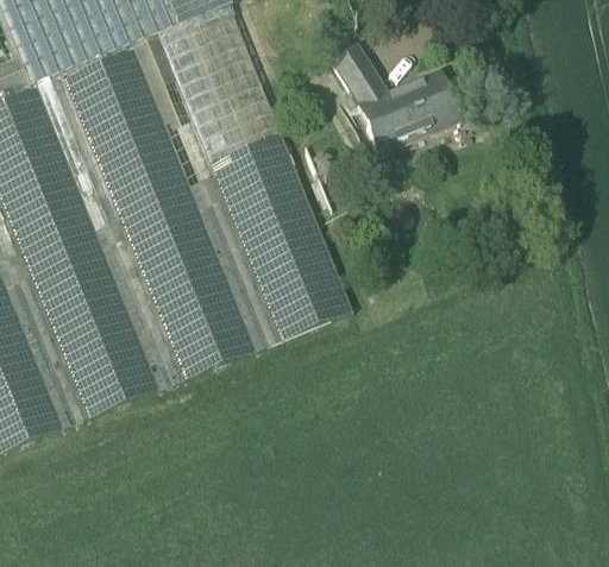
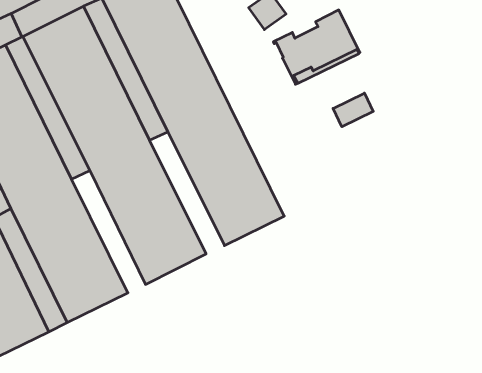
building: [345,70,409,102] -> none
building: none -> [333,93,373,127]
building: [199,200,278,348] -> none
building: [102,239,181,388] -> none

